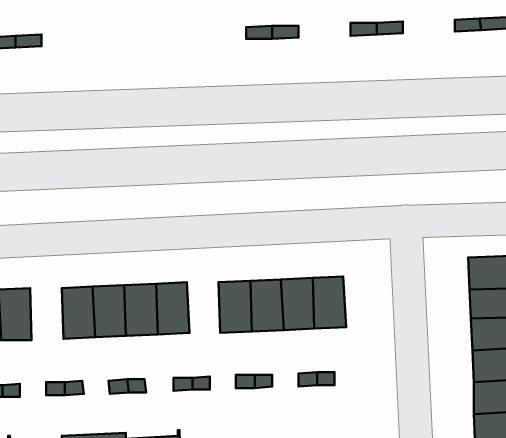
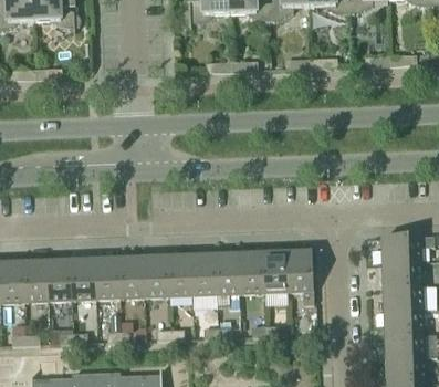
building: none -> [285,249,313,302]
building: none -> [166,254,191,293]
building: none -> [46,259,72,299]

